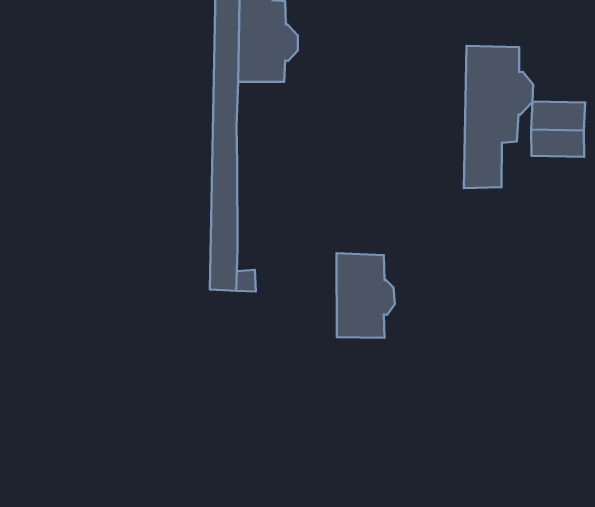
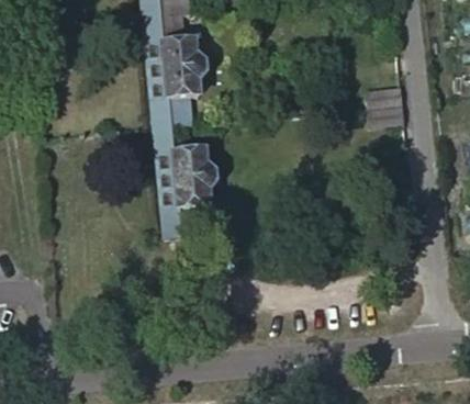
building: [464,46,533,188] -> none
building: [336,253,395,338] -> [174,152,216,210]

